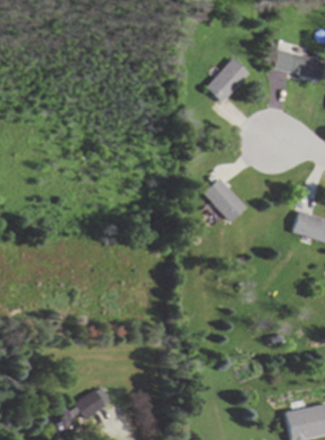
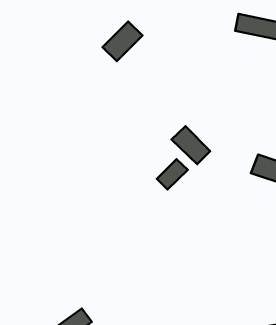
building: [205,58,250,103] -> [103,21,142,61]
building: none -> [157,159,188,190]

